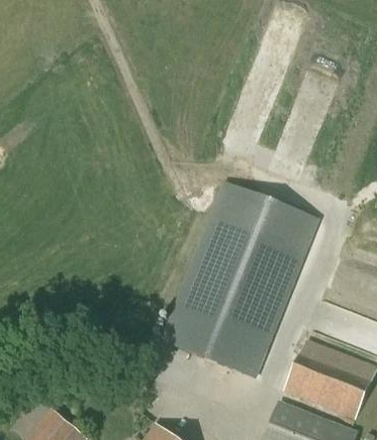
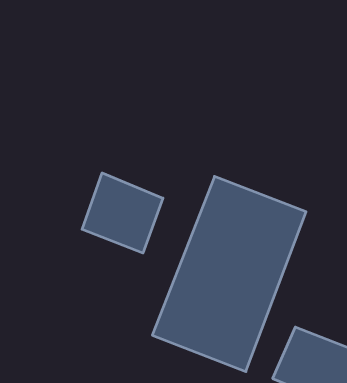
building: none -> [82,173,163,253]

